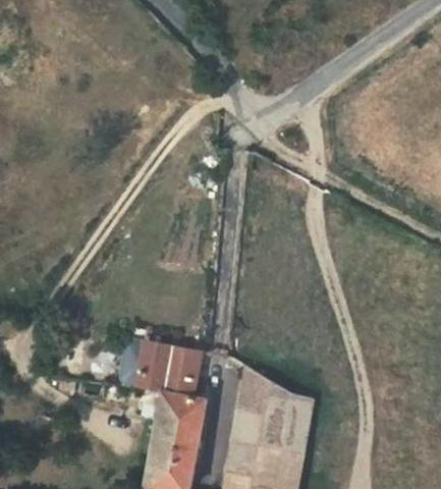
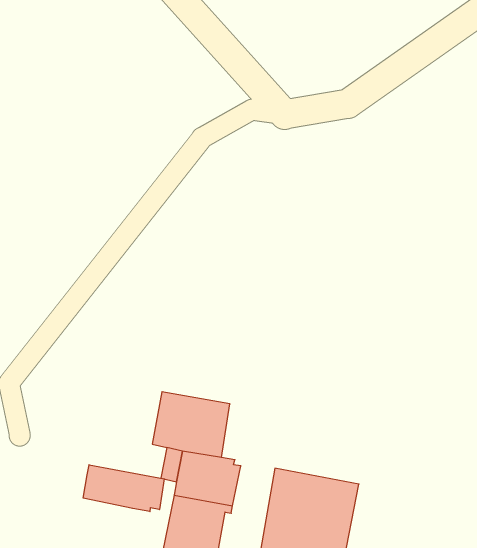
building: [238,366,313,420] -> none
building: none -> [83,465,164,512]

